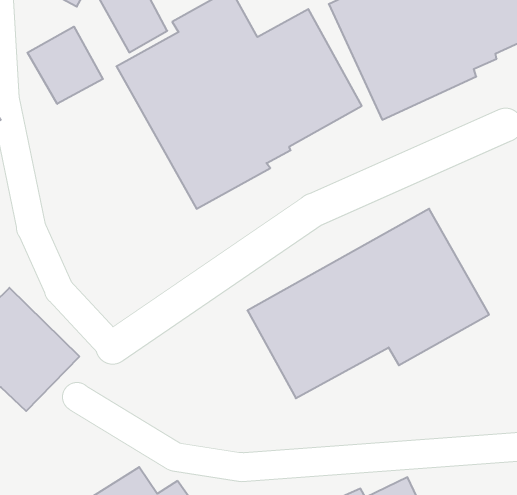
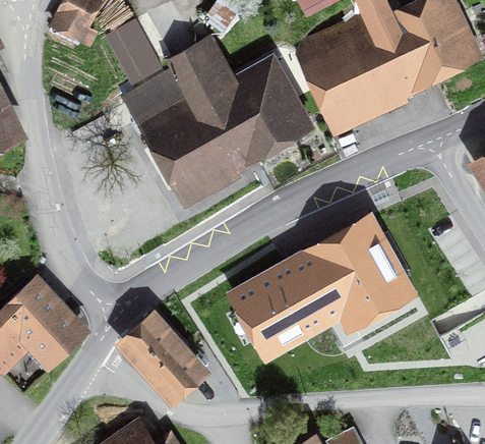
building: [27,27,103,104] -> none
building: none -> [121,315,206,405]

